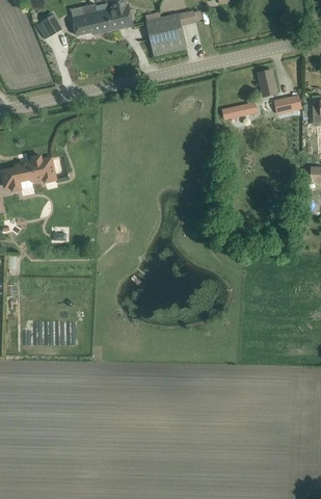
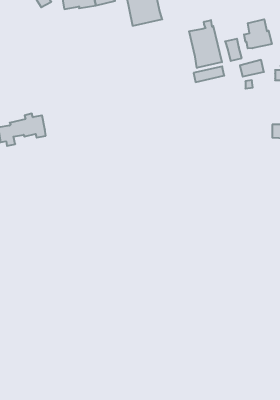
building: none -> [244,19,272,48]
building: none -> [189,20,222,68]

